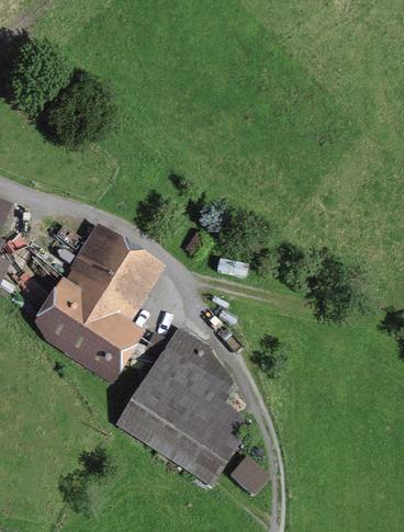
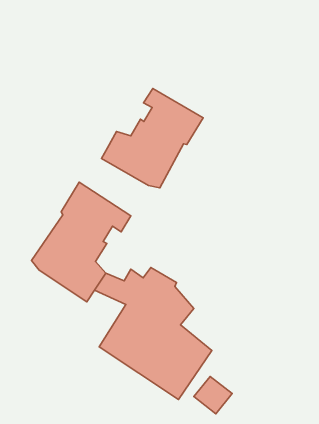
building: none -> [102,89,203,188]

